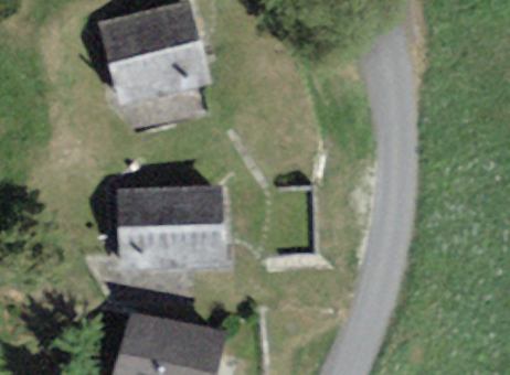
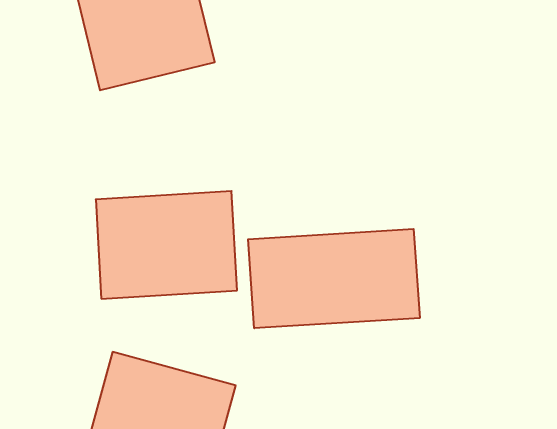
building: none -> [248,229,420,328]

